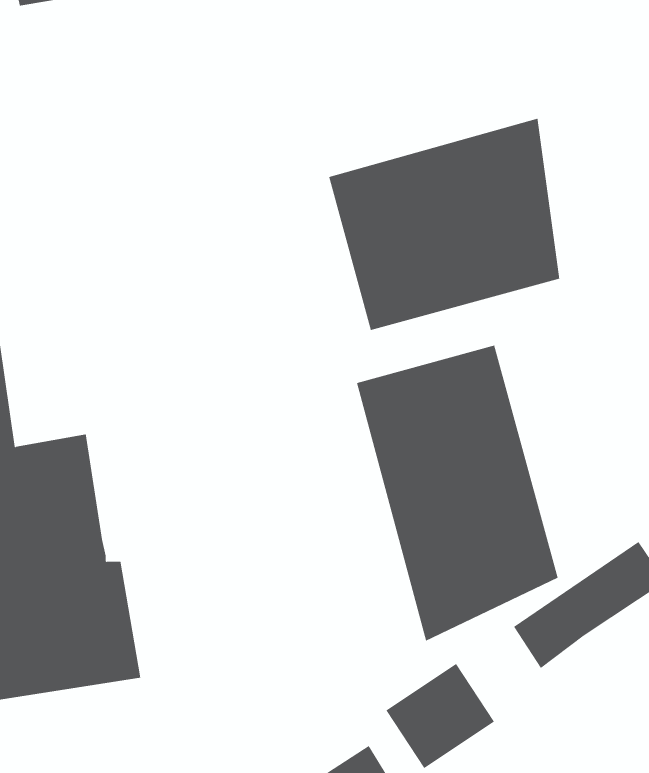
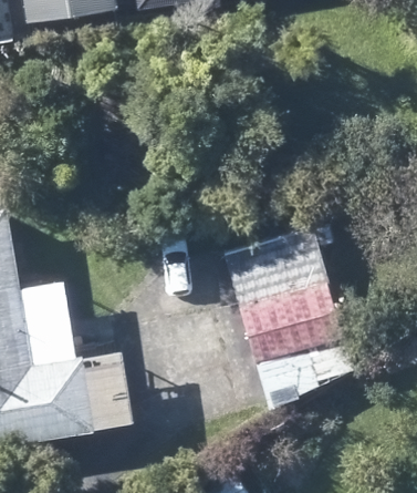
building: [329,118,560,331] -> none

